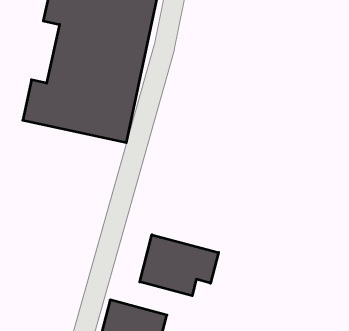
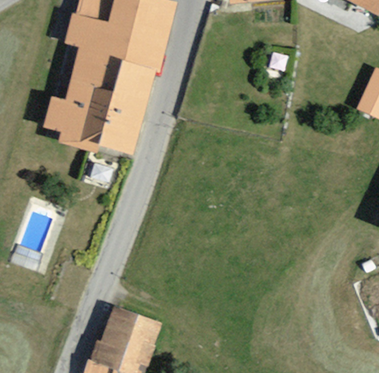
building: [140,235,219,296] -> none

